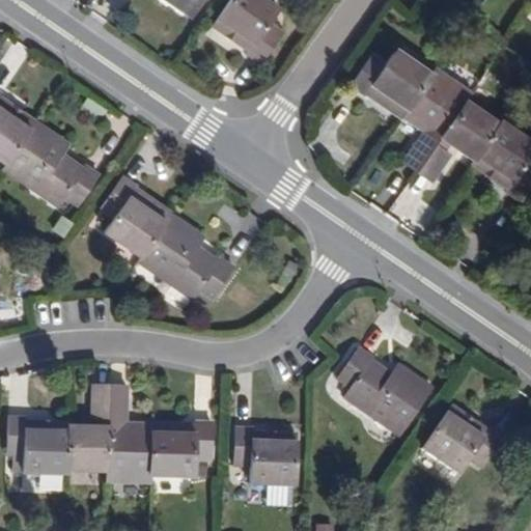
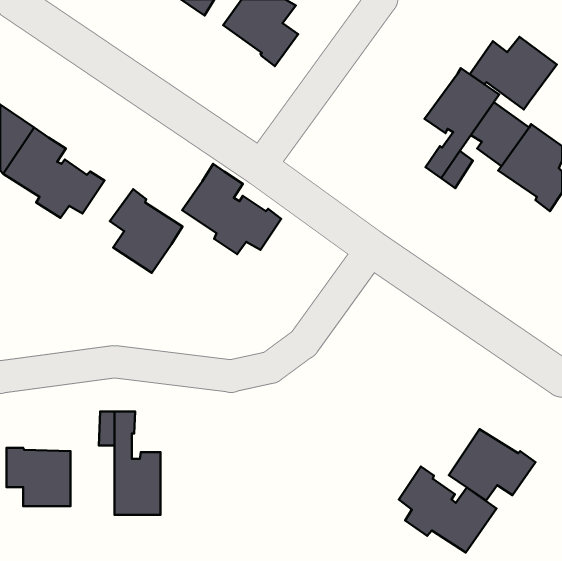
building: [350,44,431,112] -> [470,37,557,110]
building: [143,214,236,299] -> [182,164,281,254]
building: [339,350,431,430] -> [399,467,497,552]
building: [151,424,212,478] -> none
building: [66,429,108,474] -> none
building: [231,430,291,487] -> none

